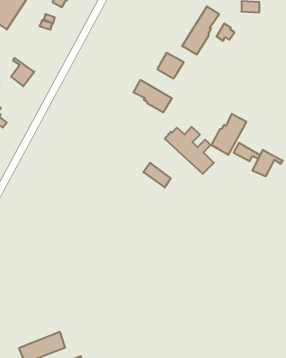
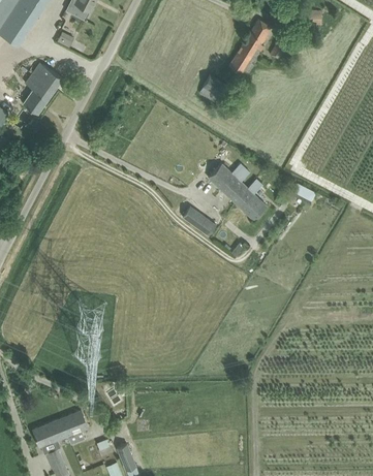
building: none -> [26,63,62,97]
building: [133,80,172,113] -> none
building: [211,114,246,155] -> none
building: [252,150,283,176] -> none

